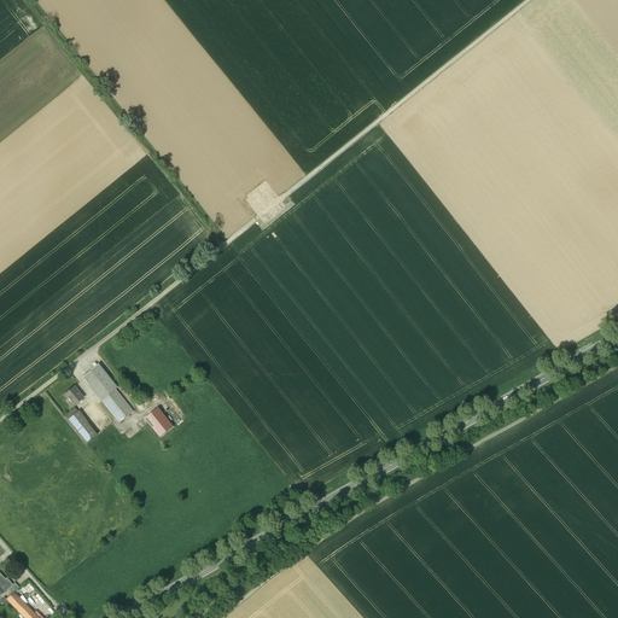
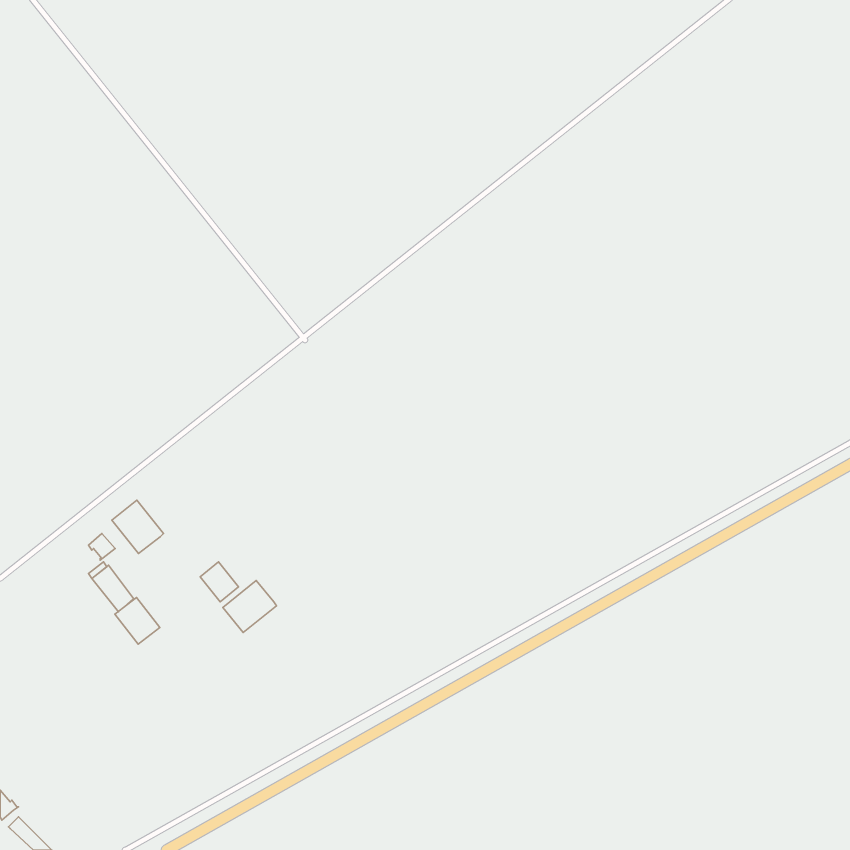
building: [101,389,134,422] -> [115,598,160,644]
building: none -> [223,581,277,633]

